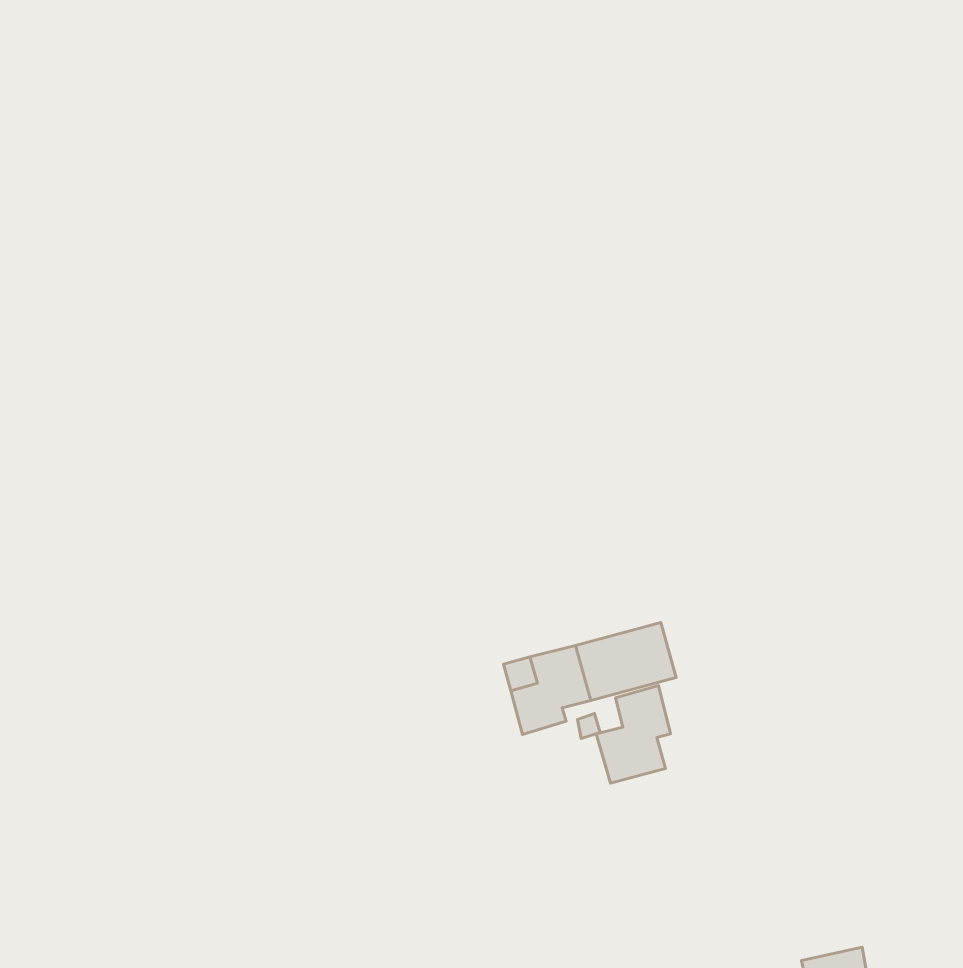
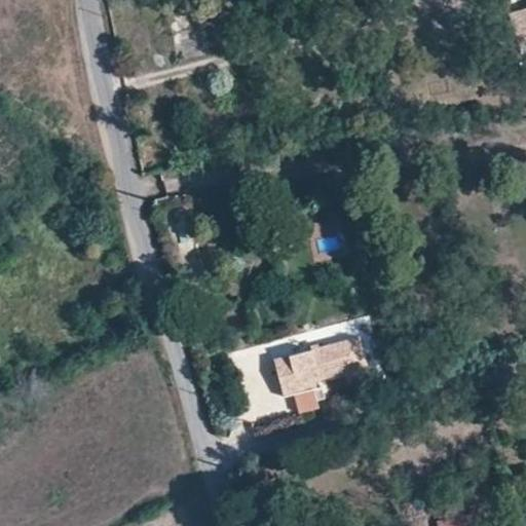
building: [596,686,670,783] -> none

